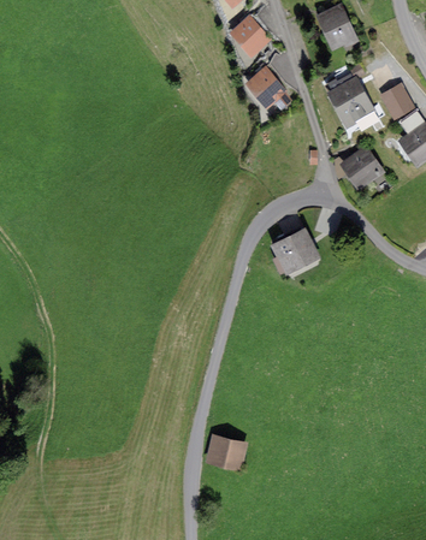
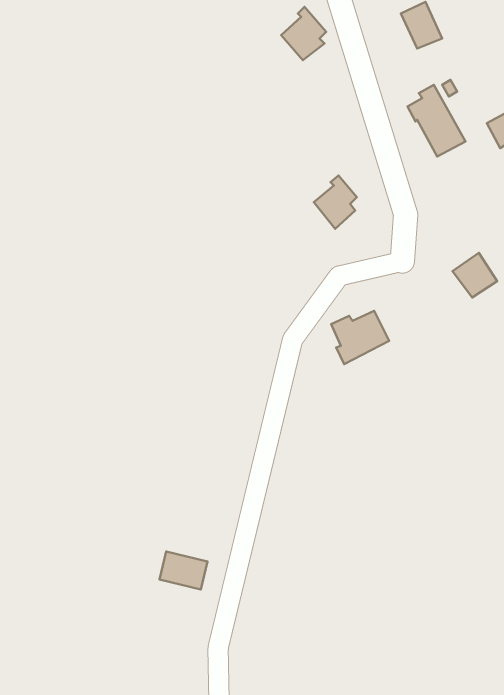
building: [250,66,282,105] -> [314,176,357,229]
building: [345,153,378,185] -> [452,253,497,298]
building: [207,439,242,467] -> [159,551,207,590]

